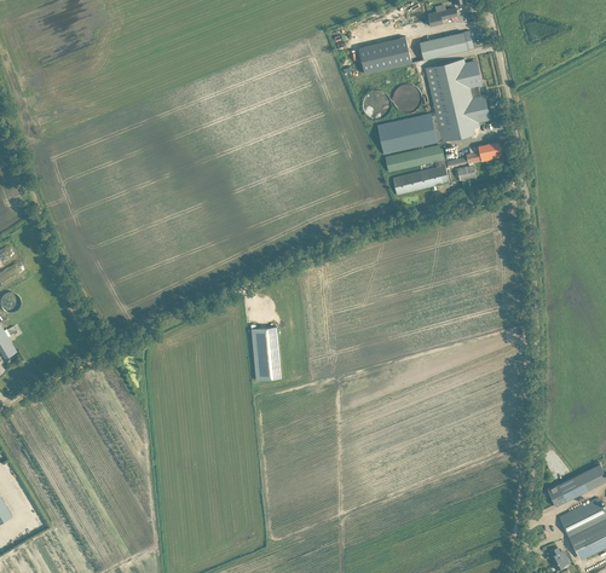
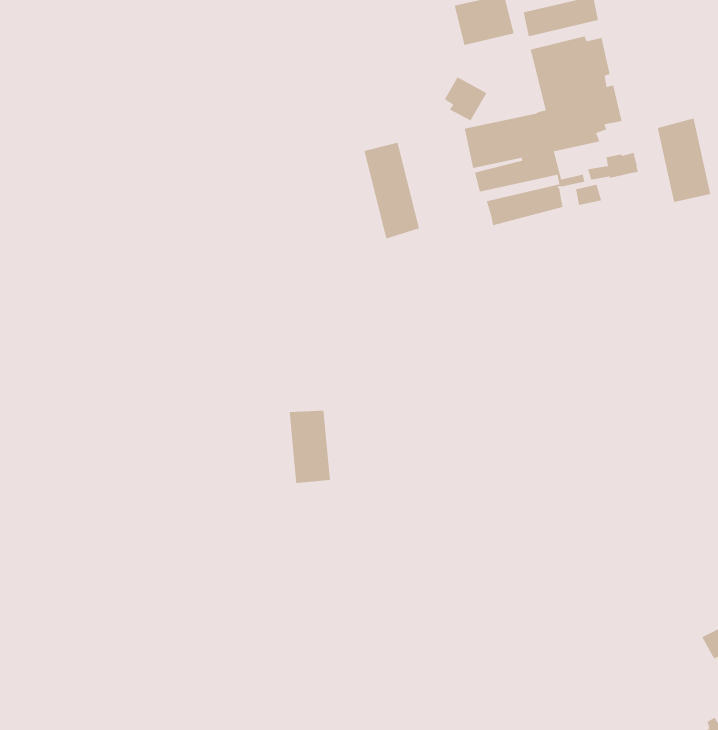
building: [392,82,422,112] -> none
building: none -> [657,117,711,203]
building: none -> [364,142,420,240]

